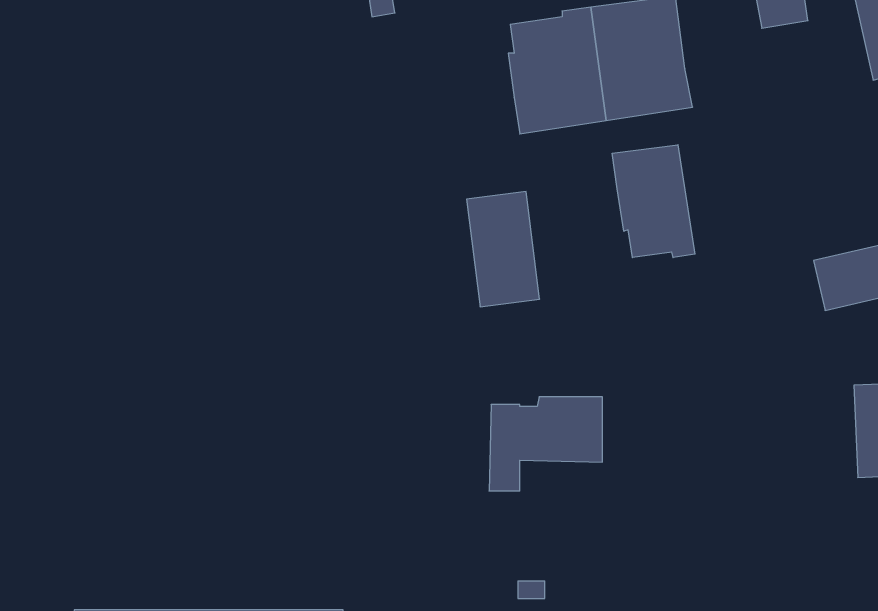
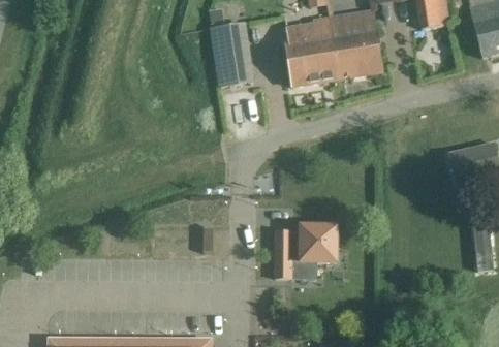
building: [612,145,695,258] -> none
building: [467,192,540,307] -> [213,22,252,84]

